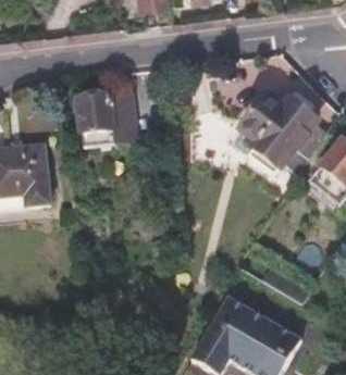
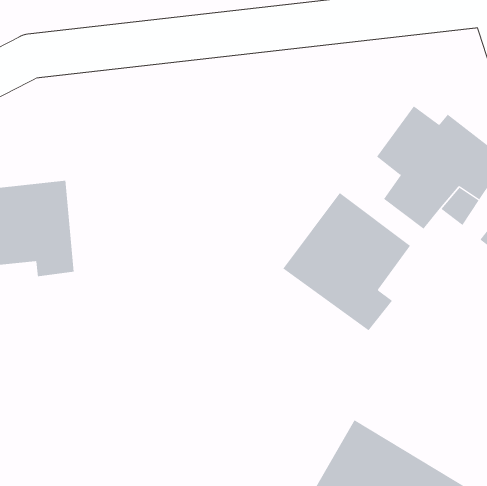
building: [77,92,137,146] -> none
building: none -> [283,192,411,331]

